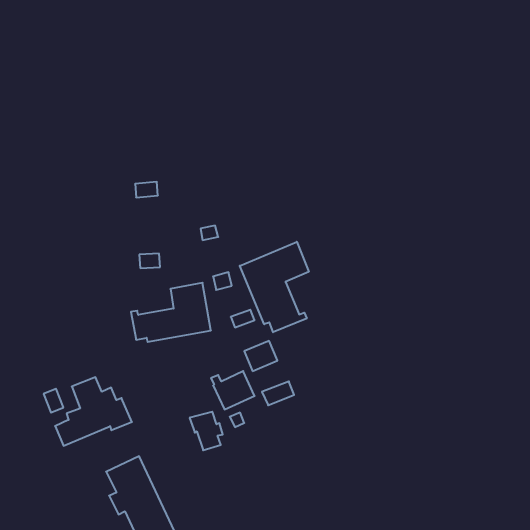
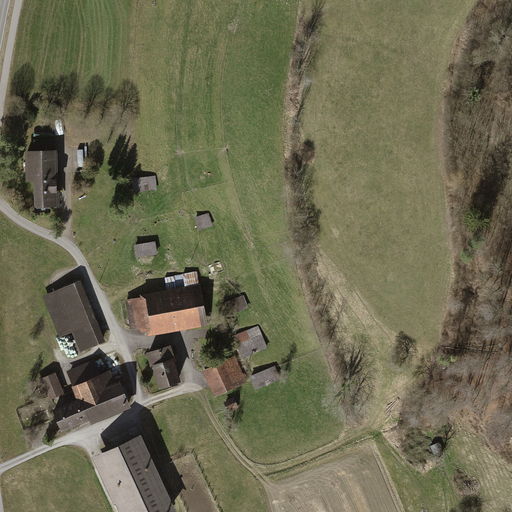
building: none -> [26,141,59,214]
building: [240,242,309,332] -> none
building: none -> [46,284,102,348]
building: [190,412,223,450] -> [147,348,179,385]

